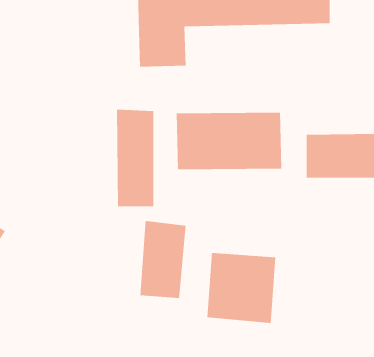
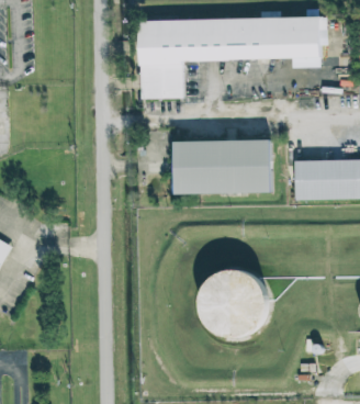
building: [116,109,154,207] -> none
building: [140,220,186,299] -> none

